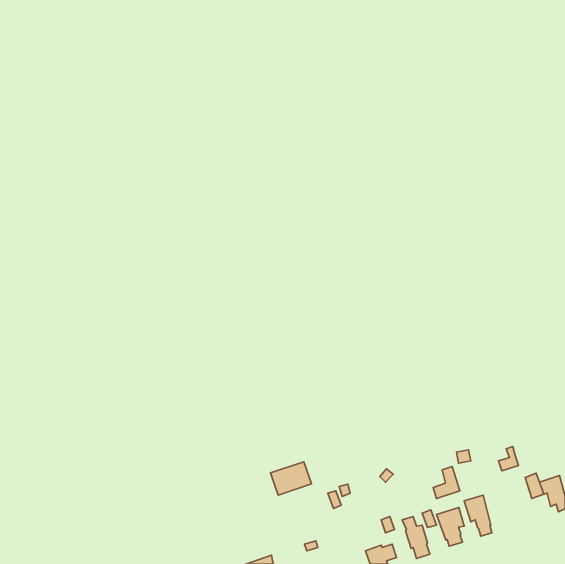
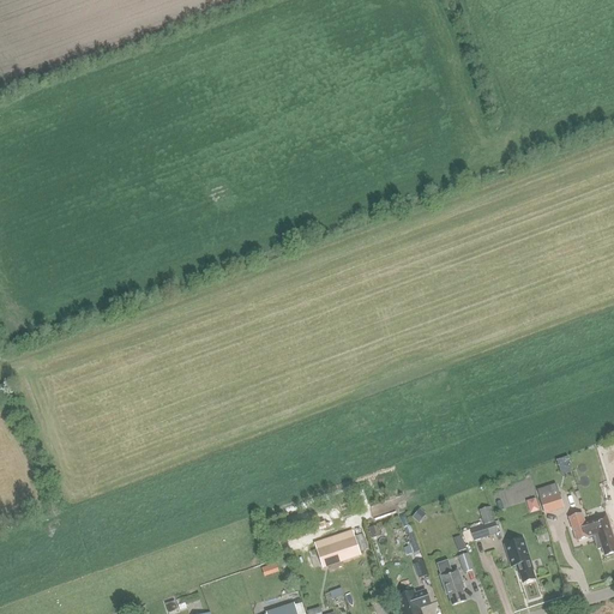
building: [270,462,311,495] -> [314,529,359,565]
building: [437,507,464,546] -> none

